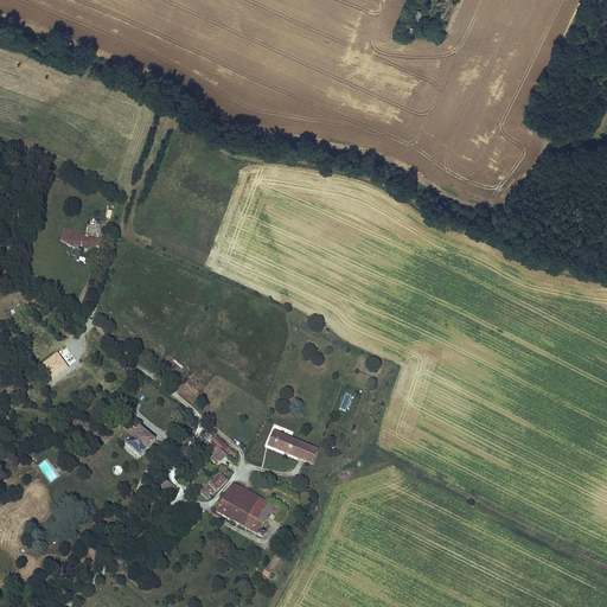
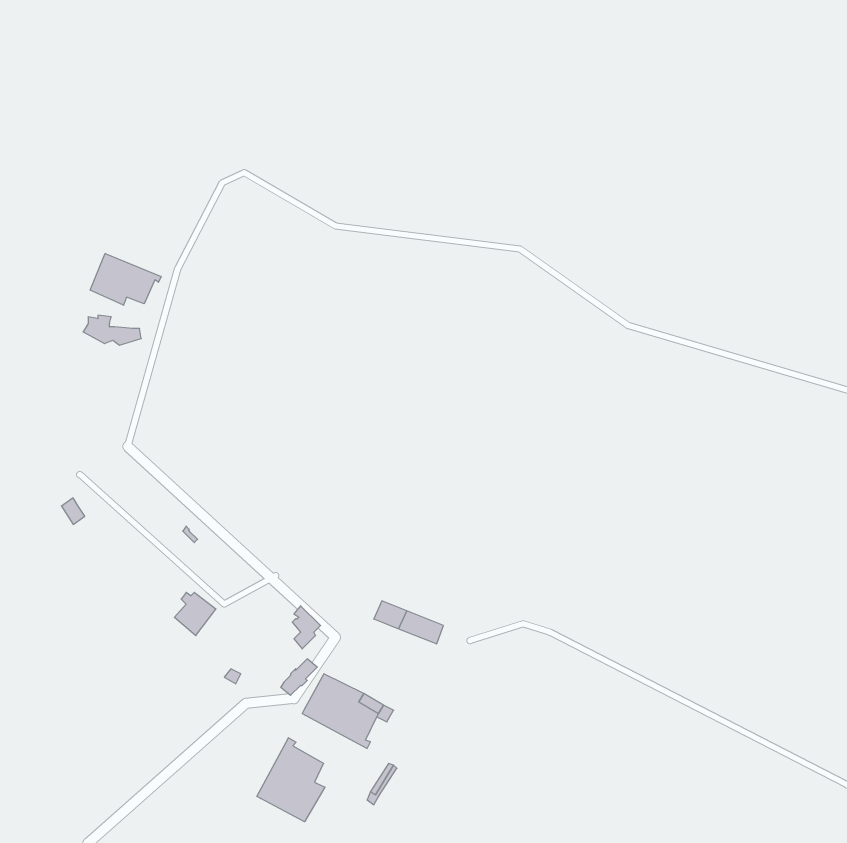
building: none -> [90,253,161,305]
building: none -> [257,738,325,822]

